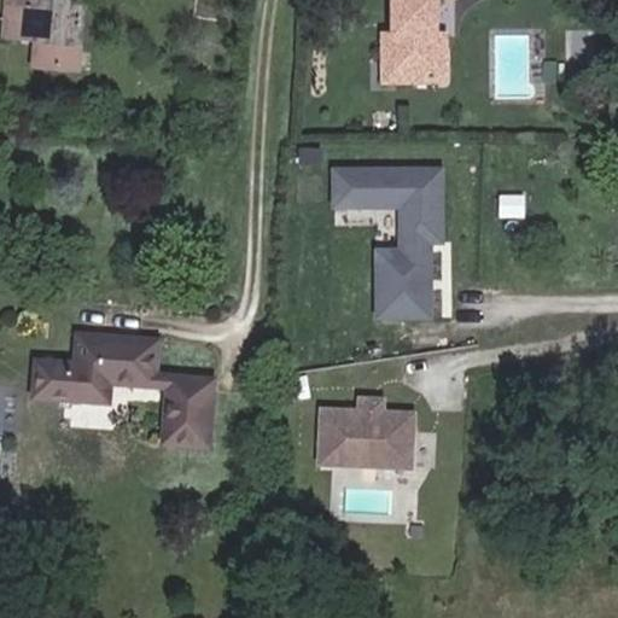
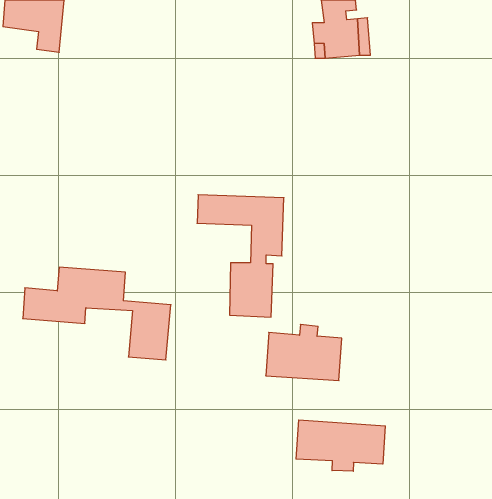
building: [337,164,443,314] -> [197,195,284,317]
building: none -> [296,420,385,471]

